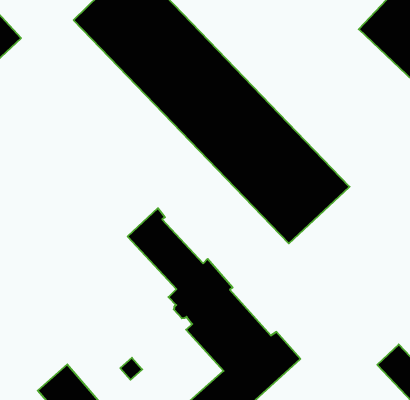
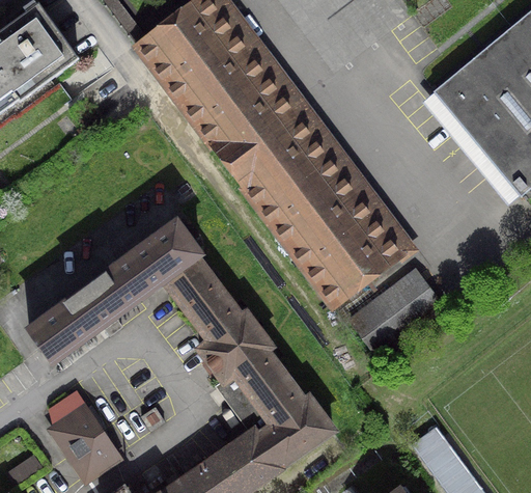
building: none -> [30,219,200,359]
building: none -> [351,270,441,352]

